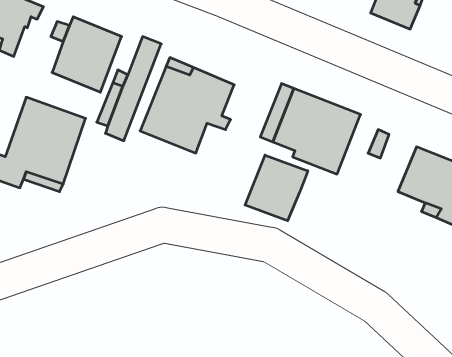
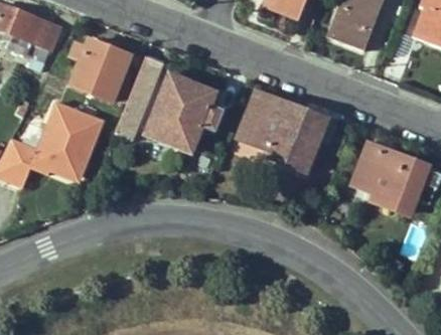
building: [245,155,308,221] -> none

